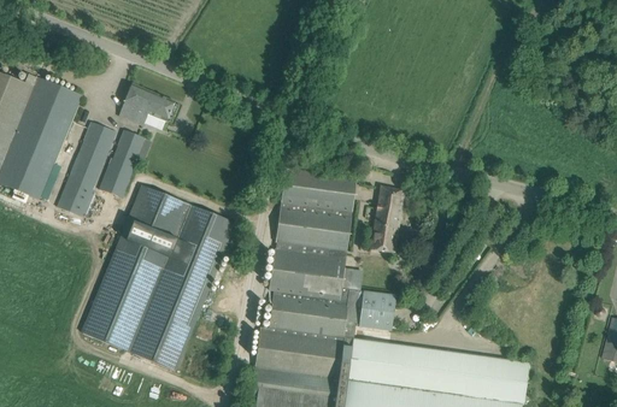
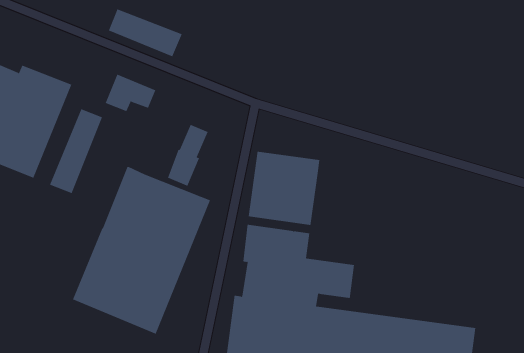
building: none -> [108,8,182,57]
building: [99,129,145,197] -> [167,124,209,187]
building: [366,184,405,250] -> none

